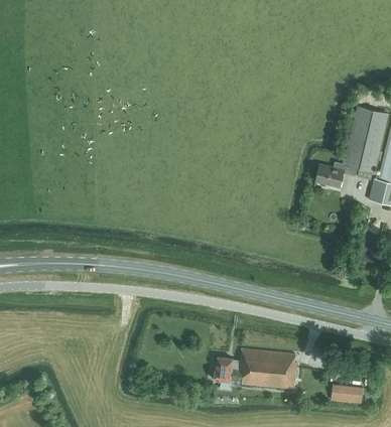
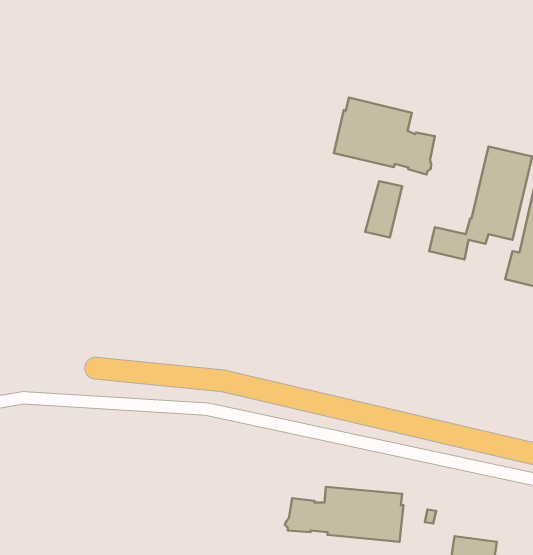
building: none -> [334,97,435,175]
building: none -> [365,181,402,237]

